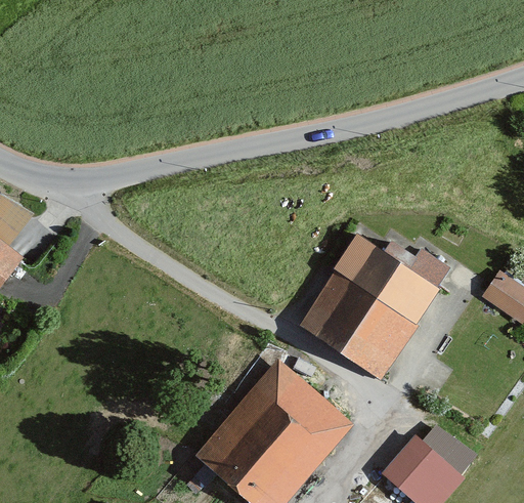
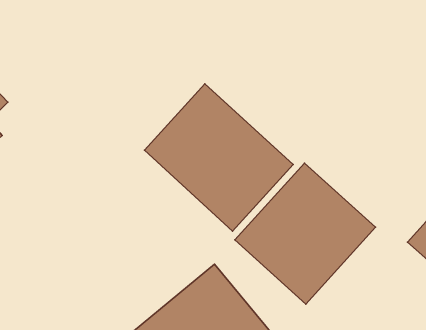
building: none -> [144,84,293,231]

